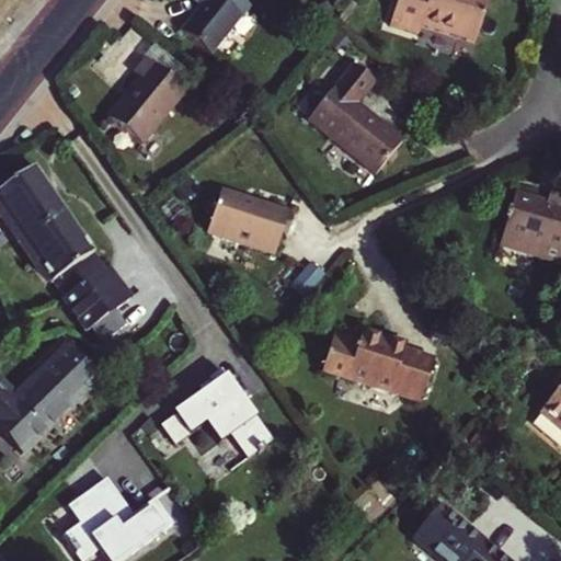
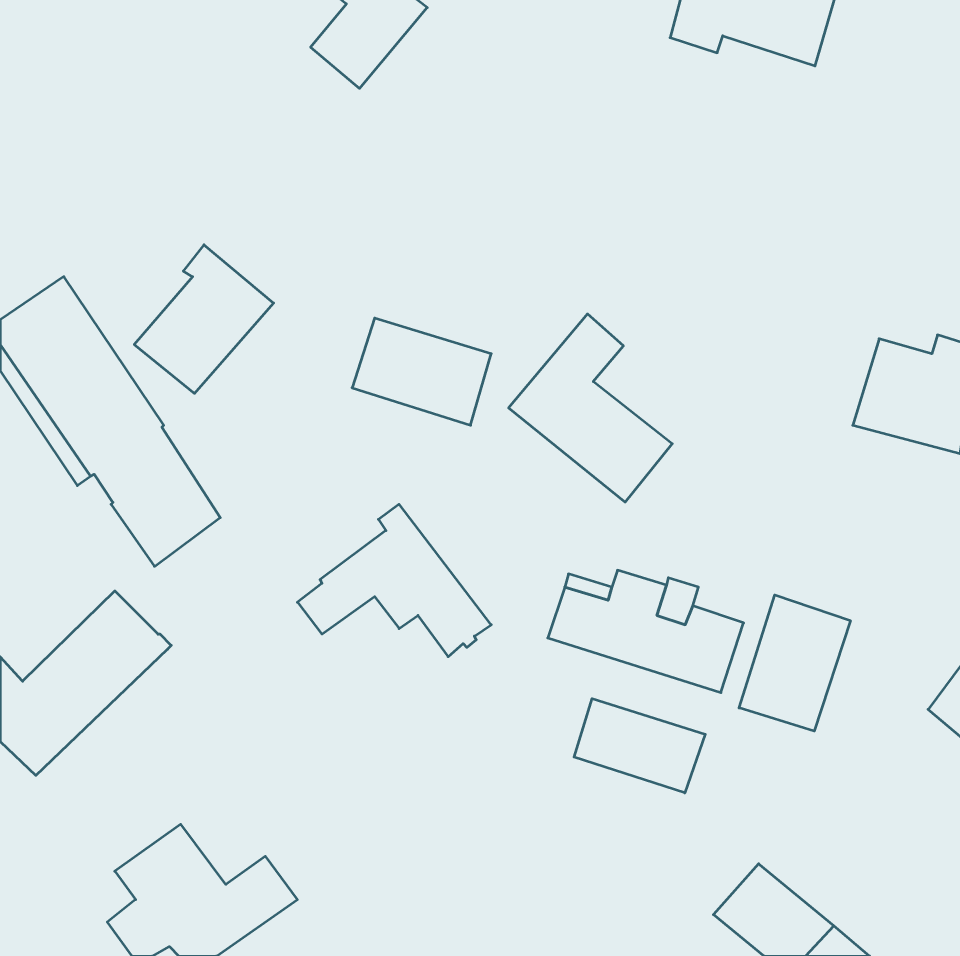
building: [107,55,188,141] -> [134,245,274,393]
building: [308,59,403,169] -> [509,314,672,502]
building: none -> [739,595,850,731]
building: [160,368,273,457] -> [297,504,491,657]
building: none -> [574,699,705,793]

